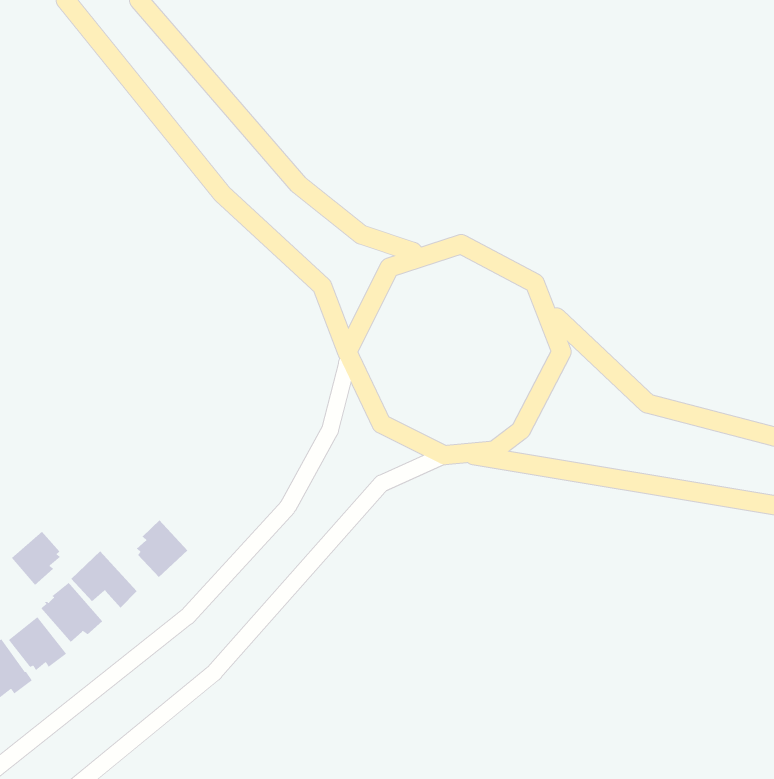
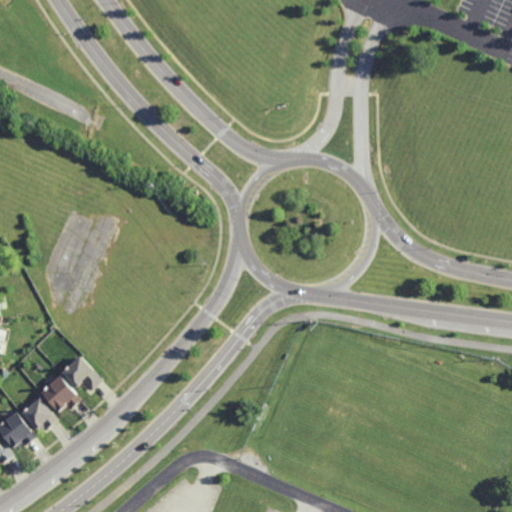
building: [136,519,188,578] -> none
building: [11,531,61,586] -> none

